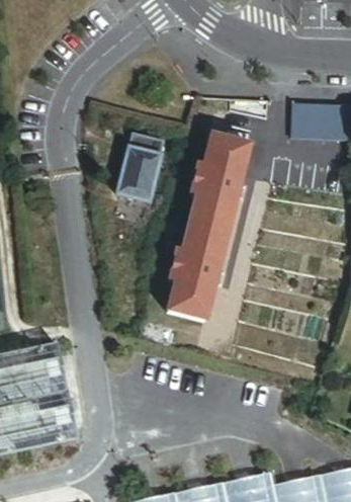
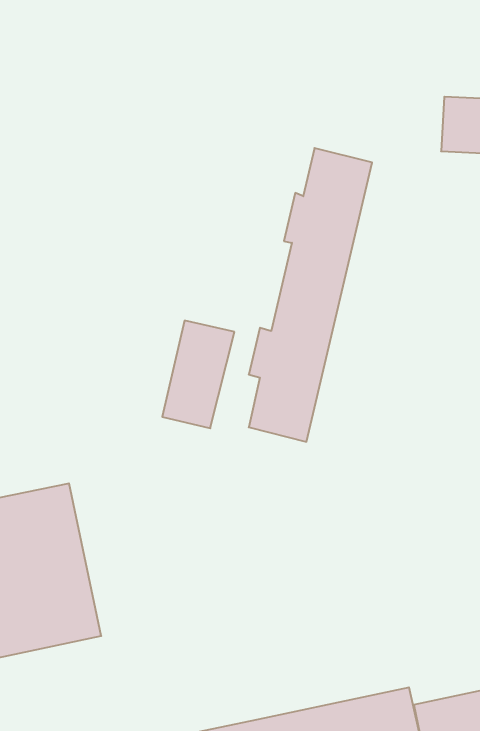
building: [119,132,165,199] -> [162,321,234,428]

